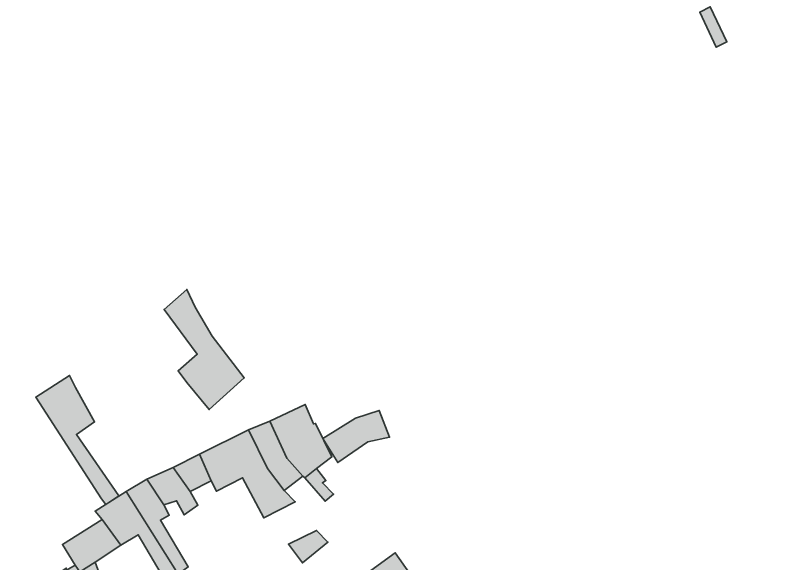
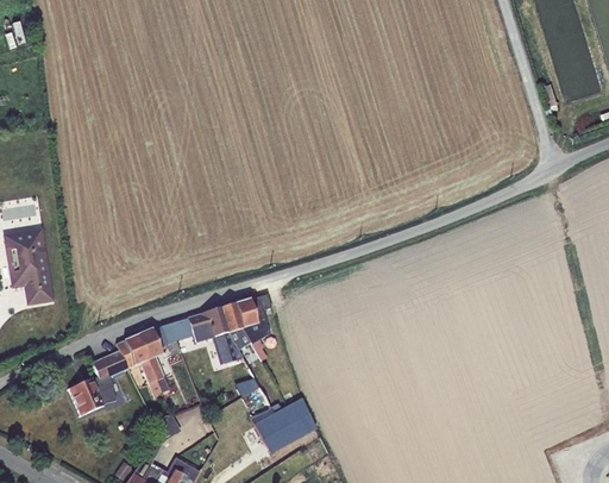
building: [164,289,244,410] -> none
building: [36,376,119,505] -> none
building: [323,411,389,462] -> none

